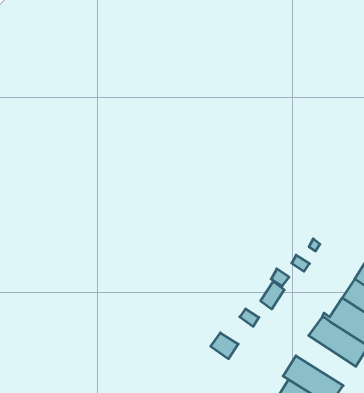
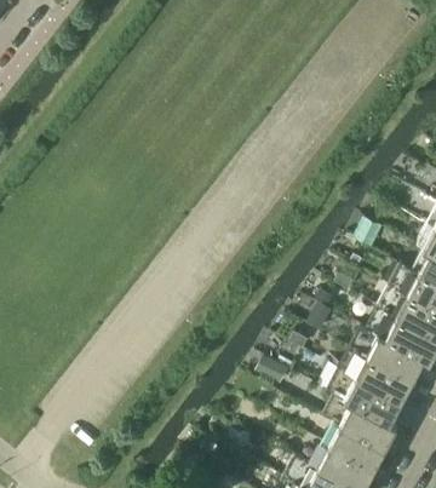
building: none -> [351,355,413,402]

